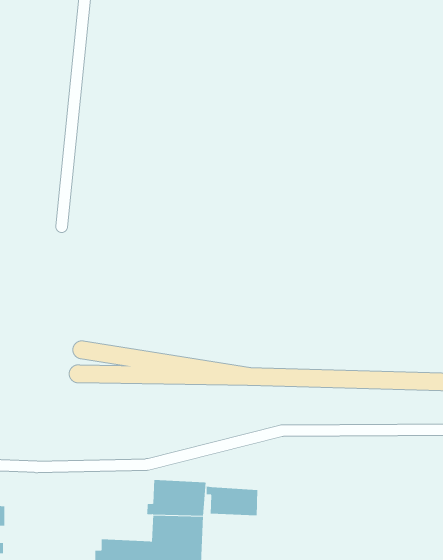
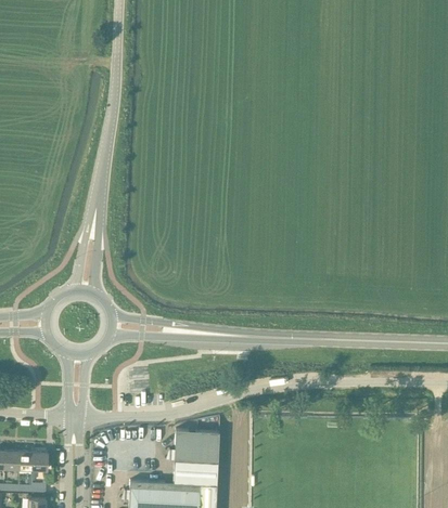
building: [206,485,258,516] -> none

